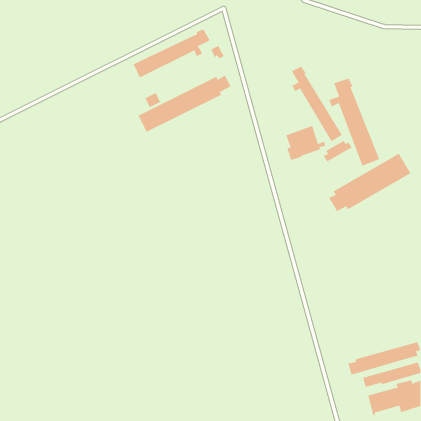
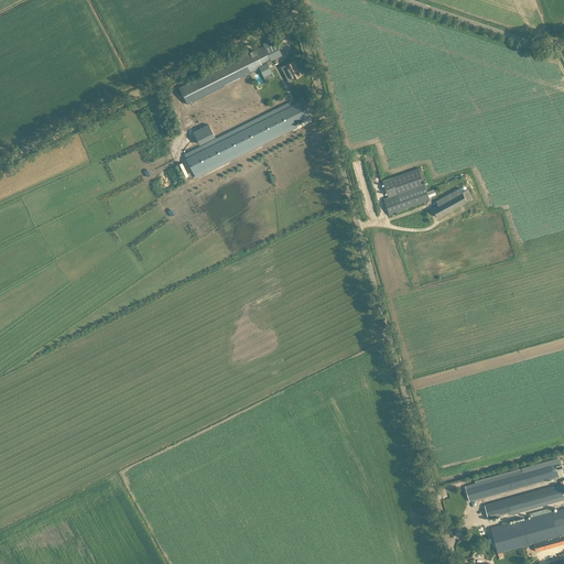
building: [291,66,342,142] -> none
building: [328,78,380,166] -> none
building: [329,153,411,212] -> none

